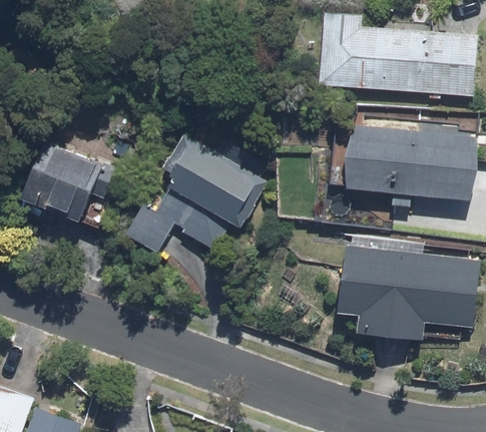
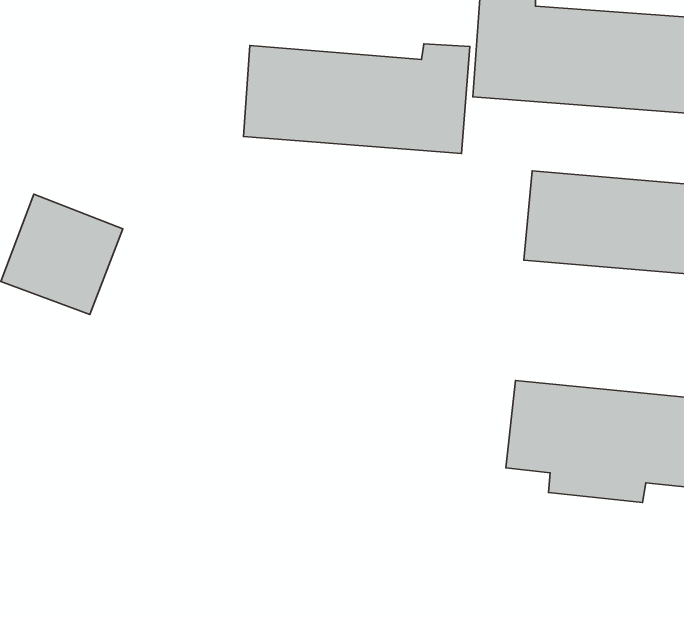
building: none -> [244,44,470,153]
building: [130,143,254,251] -> none

